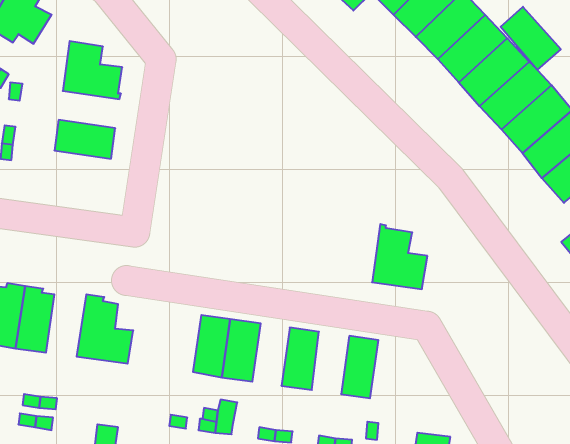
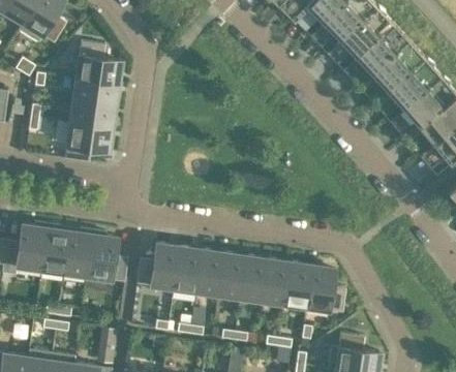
building: [501,7,561,70] -> none
building: none -> [72,80,118,107]
building: none -> [64,124,112,163]
building: [372,224,427,289] -> [305,266,346,314]
building: none -> [63,229,93,278]
building: none -> [136,244,179,289]
building: none -> [217,253,245,300]
building: none -> [262,259,290,306]

